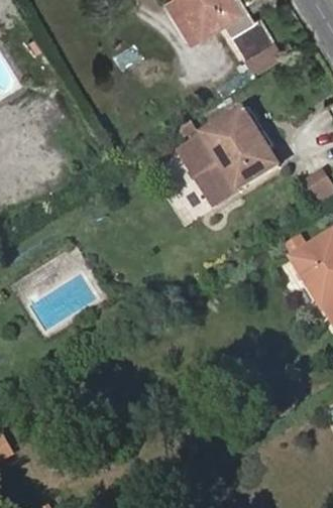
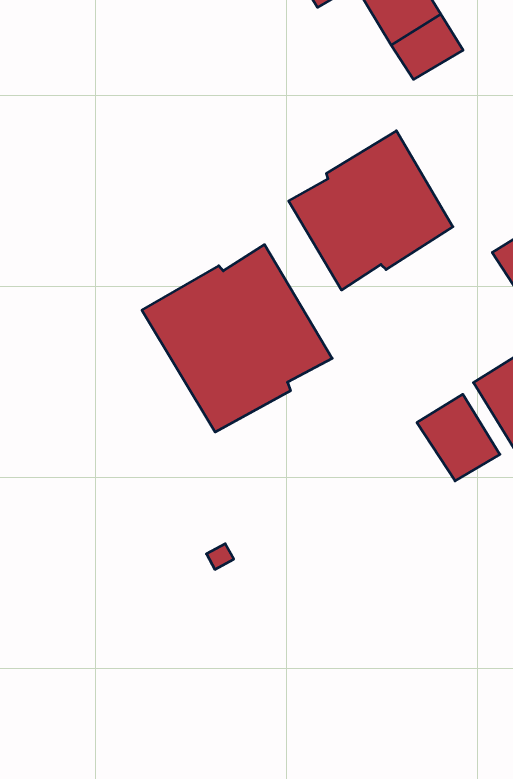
building: none -> [142,245,332,432]
building: none -> [417,394,500,481]

